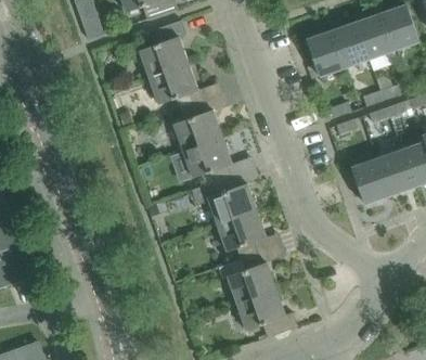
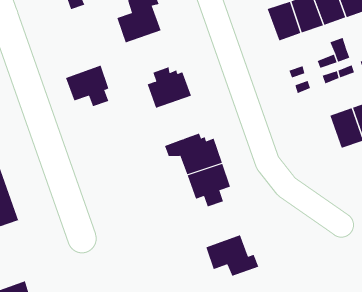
building: [149,64,197,111] -> [65,65,109,107]
building: [182,137,232,184] -> none
building: [351,158,388,204] -> none
building: [217,254,276,305] -> none

